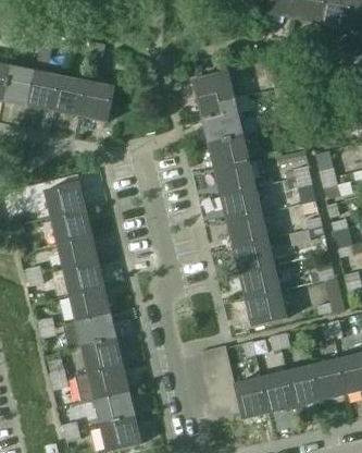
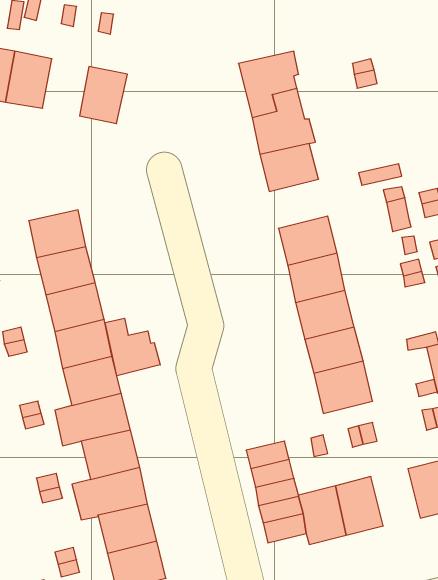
building: [53,75,86,115] -> none
building: [213,160,254,195] -> none
building: none -> [105,318,160,376]
building: [285,365,320,405] -> none

